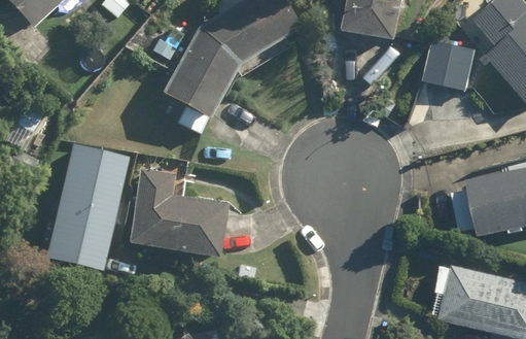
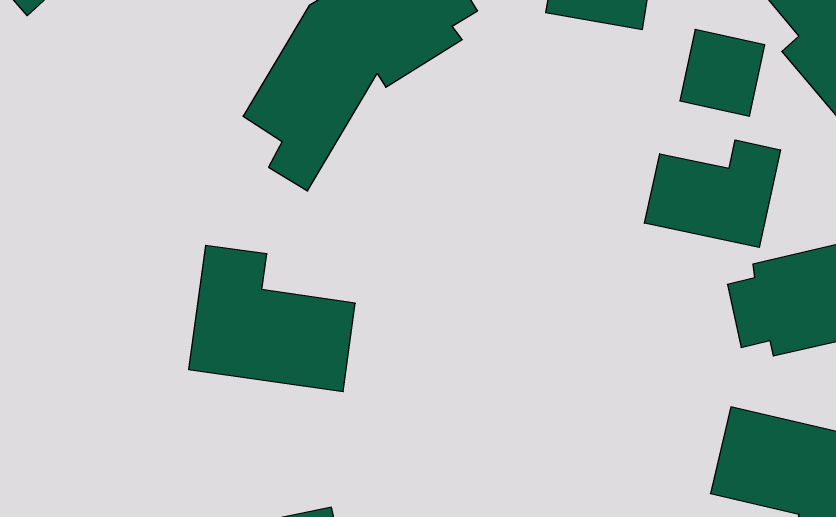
building: none -> [644,140,780,247]
building: [41,141,129,271] -> none

